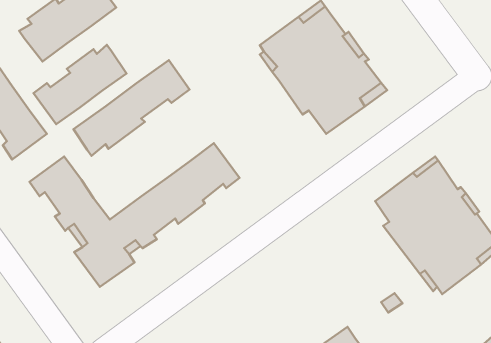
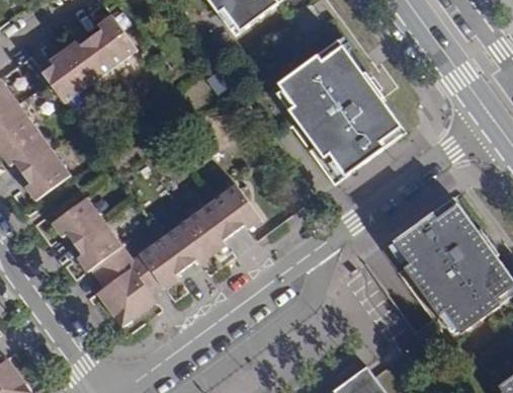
building: [33,45,126,124] -> none
building: [74,60,190,156] -> none

